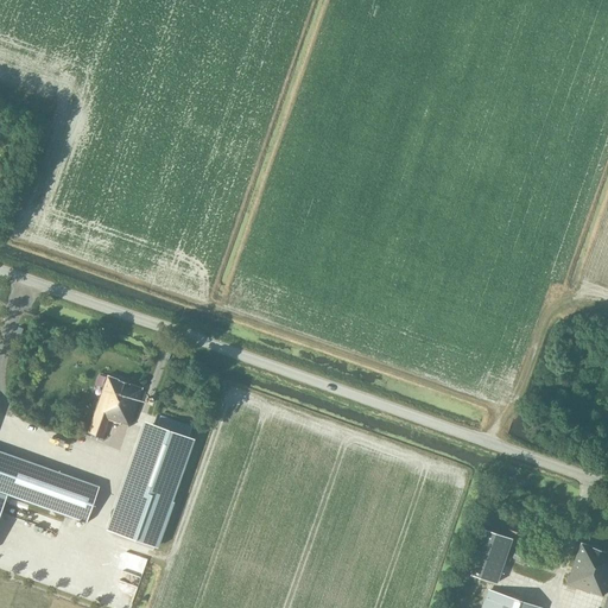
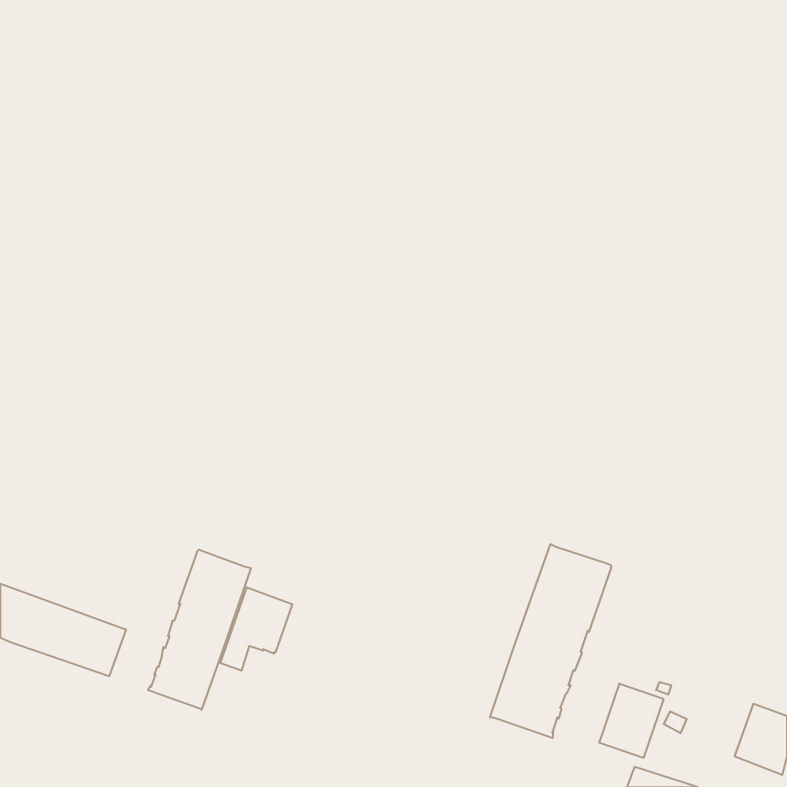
building: [87,375,142,439] -> [220,587,293,671]
building: none -> [490,544,611,738]

